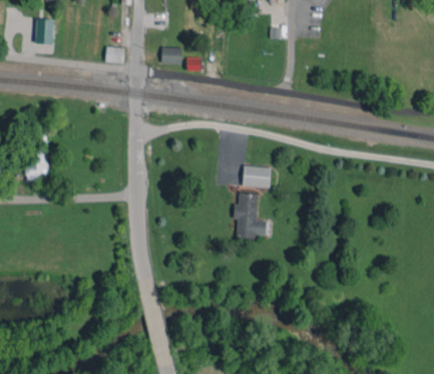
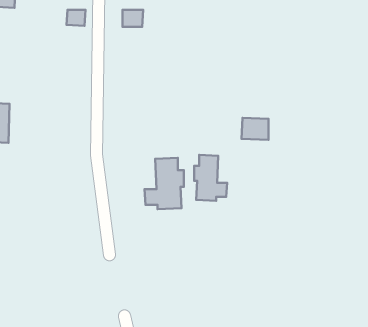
building: [243,165,270,188] -> [242,118,269,140]
building: none -> [144,158,184,209]

